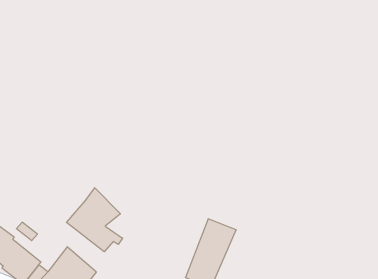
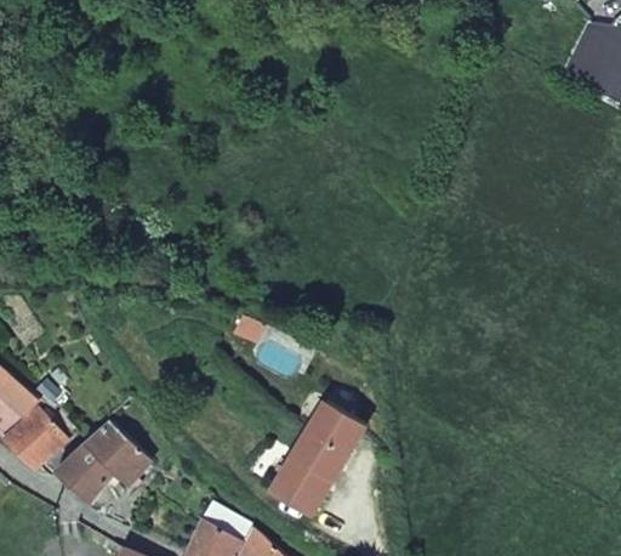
building: [66,188,123,252] -> none

